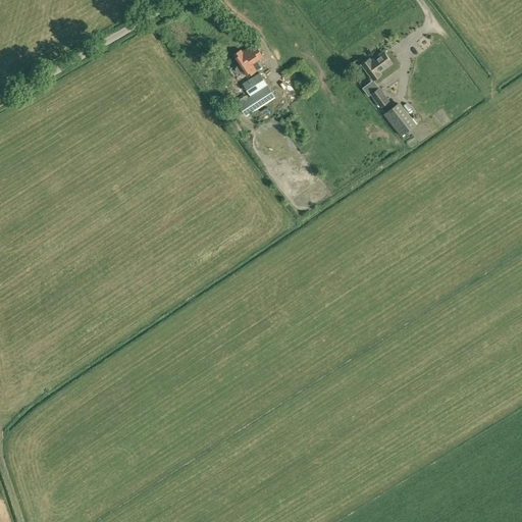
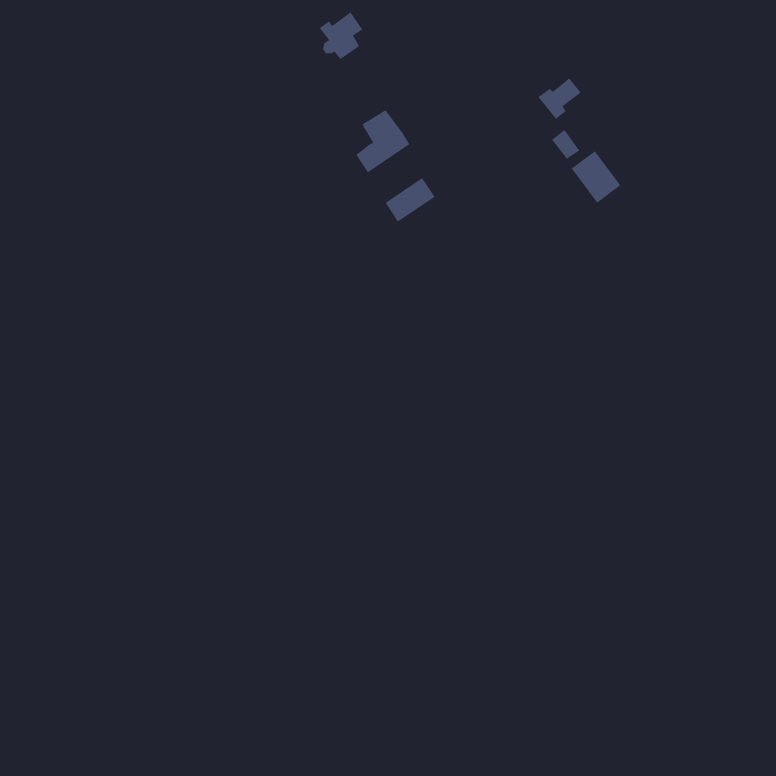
building: [233,44,263,76] -> [319,11,363,60]
building: none -> [385,177,435,223]

